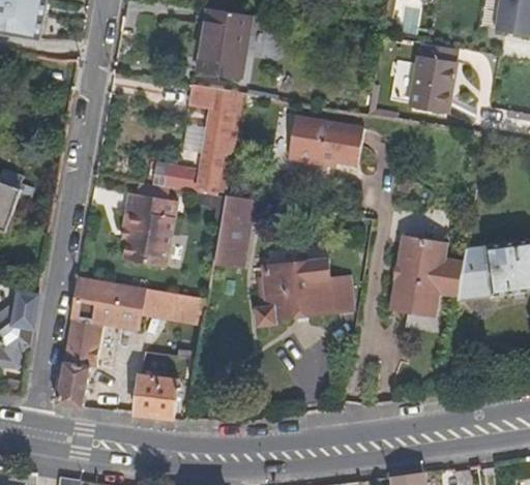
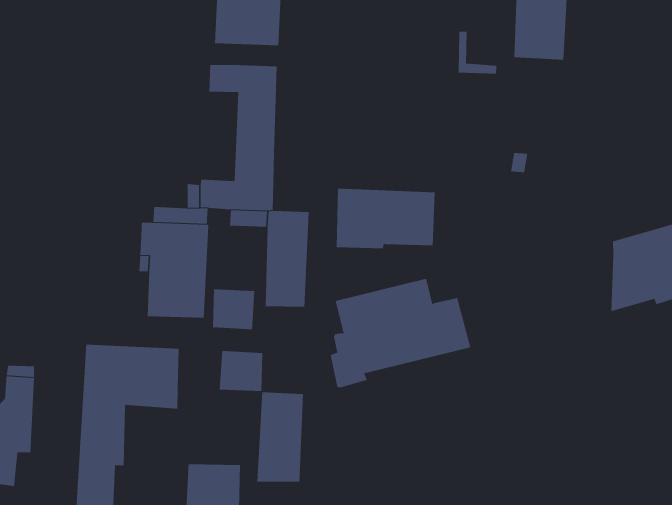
building: [285,118,361,168] -> [336,188,436,249]
building: [390,234,464,317] -> none
building: [140,287,174,321] -> [212,289,255,330]
building: none -> [257,392,303,483]

